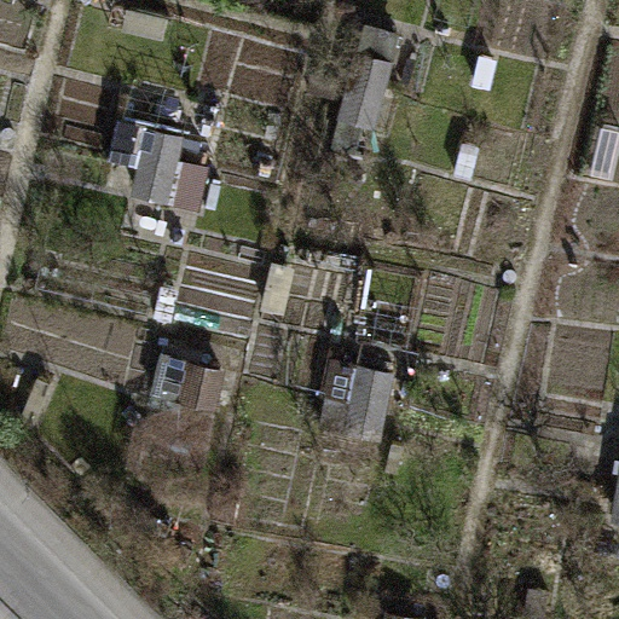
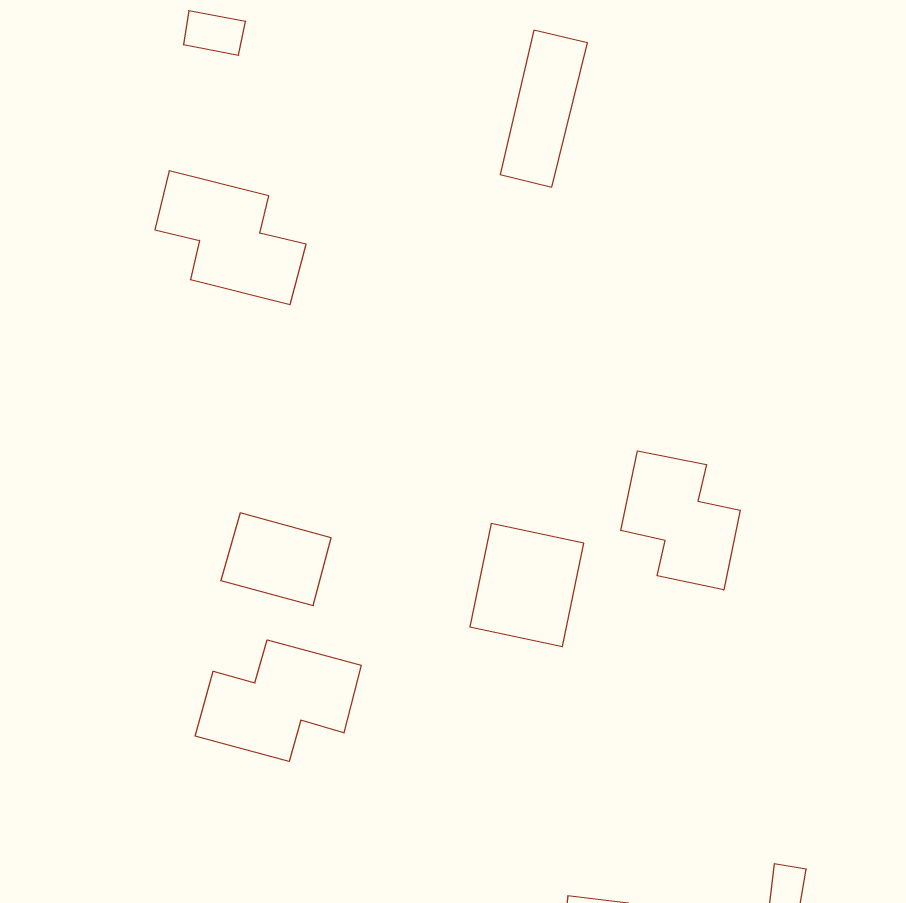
building: none -> [621,451,740,590]
building: none -> [195,640,361,761]

